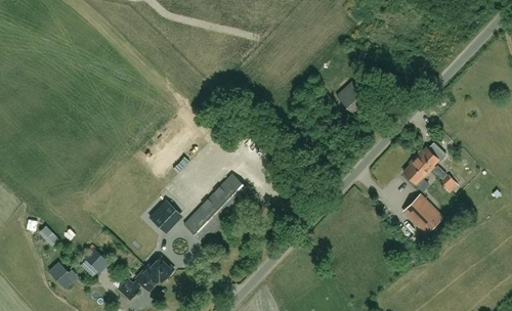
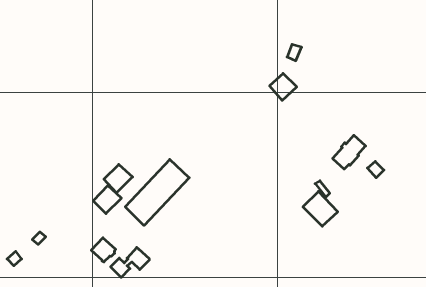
building: none -> [104,164,133,193]
building: [403,195,440,232] -> [303,191,338,226]
building: [118,267,159,299] -> [111,247,149,277]

